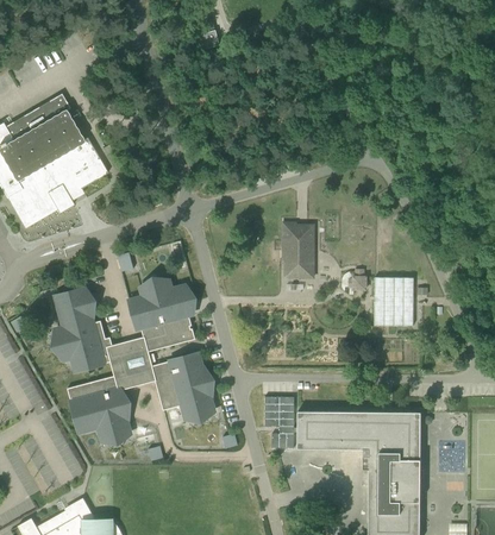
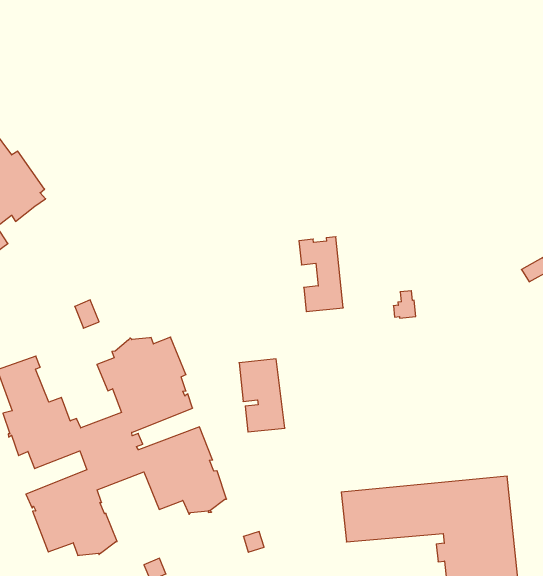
building: [375,277,413,326] -> none
building: [264,399,293,451] -> [239,359,285,432]

